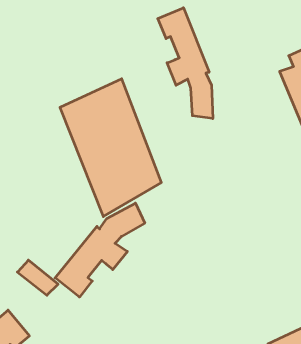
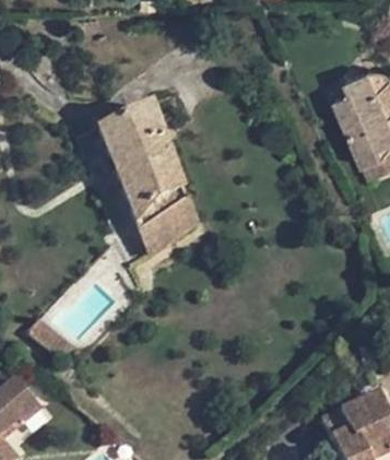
building: [158,8,213,119] -> none
building: [55,203,145,297] -> none

